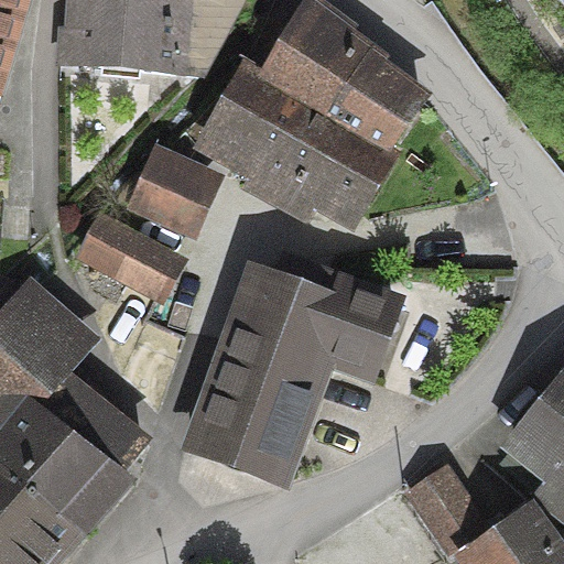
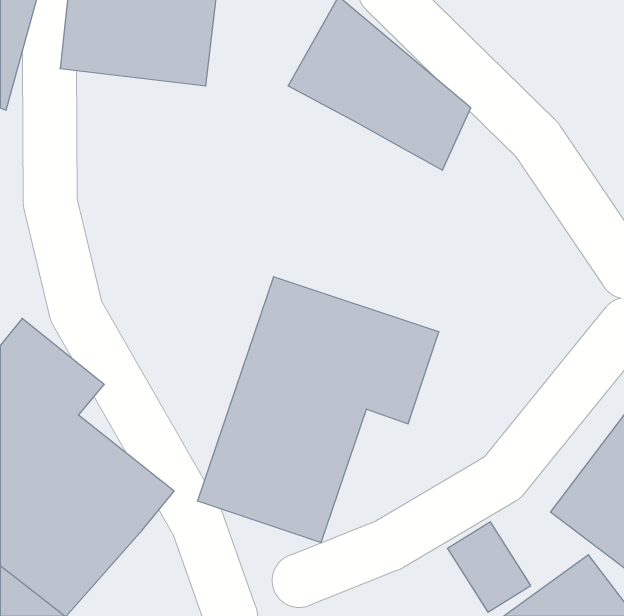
building: [192,64,400,231] -> none
building: [126,143,218,230] -> none
building: [70,204,182,328] -> none

